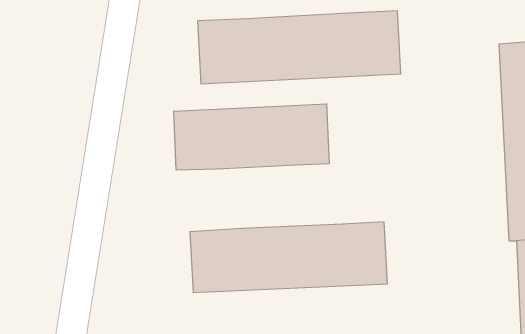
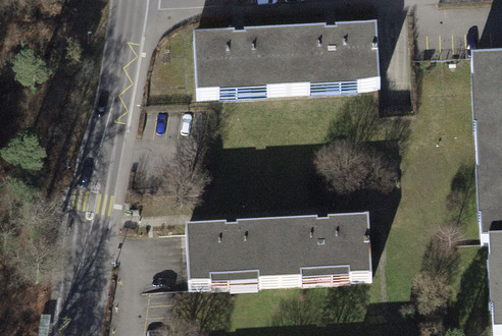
building: [174,104,329,170] -> none

